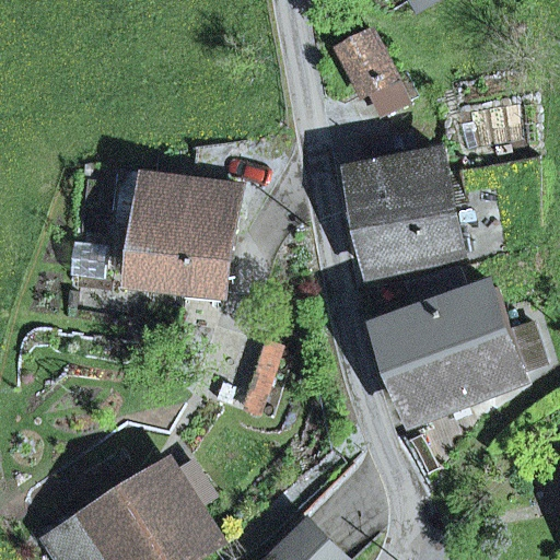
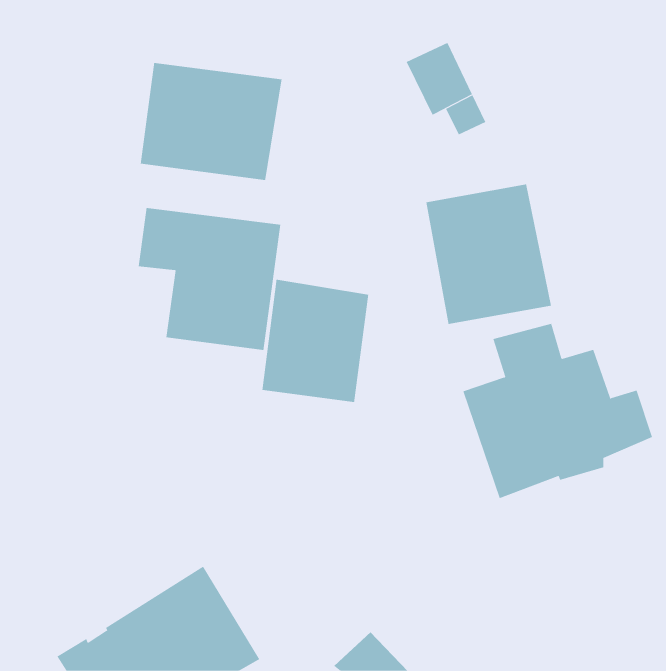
building: none -> [140,62,282,181]
building: none -> [262,279,369,403]

